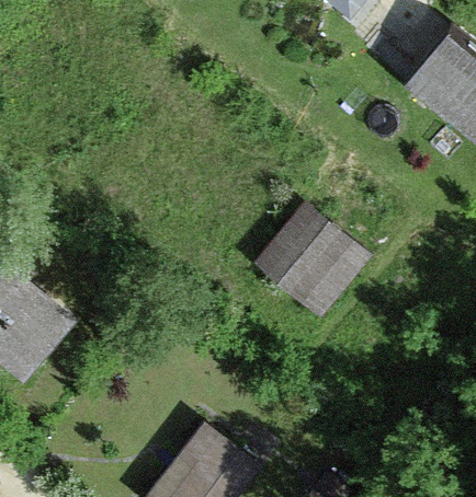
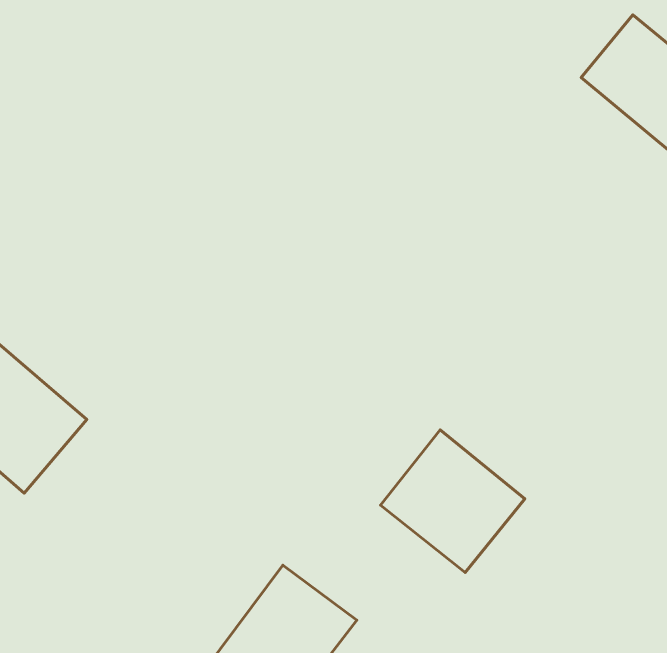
building: [261,210,362,310] -> [381,430,525,573]

